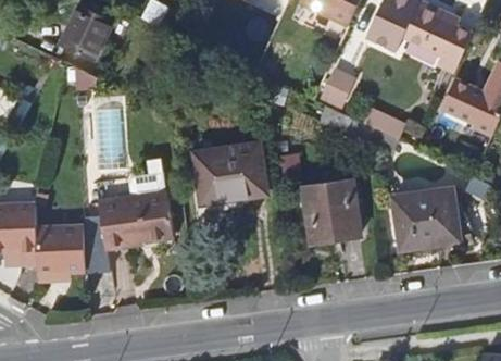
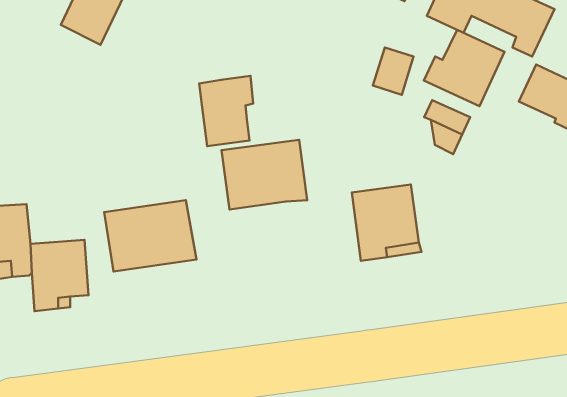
building: none -> [424,30,504,106]
building: none -> [199,76,253,146]
building: [393,185,459,247] -> none

